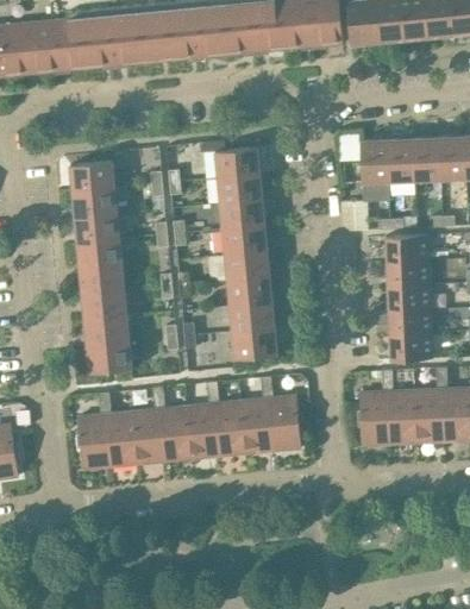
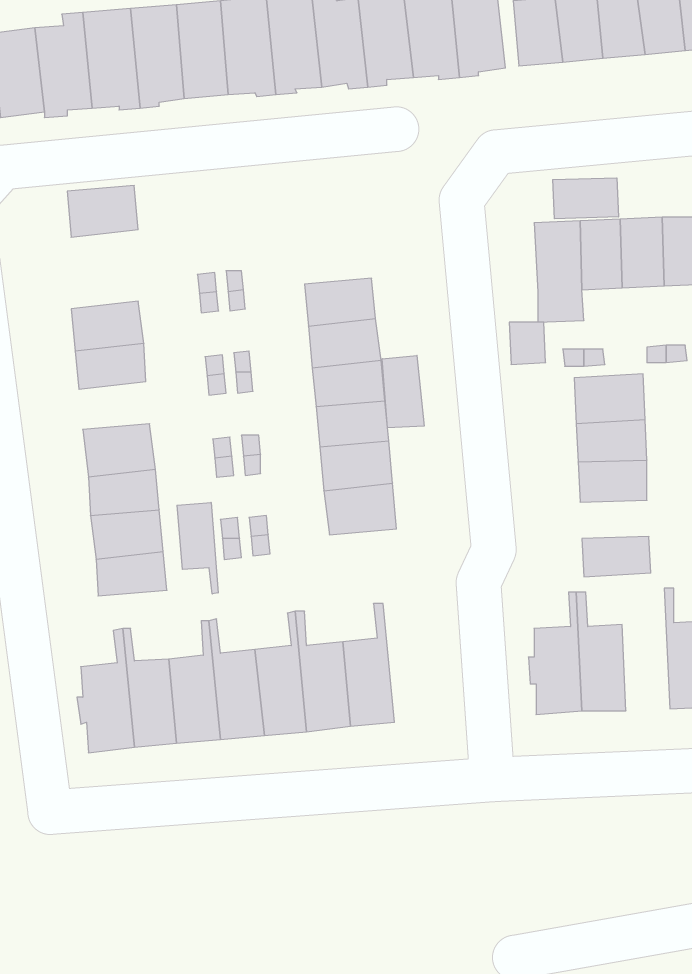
building: none -> [553,178,618,219]
building: [214,147,258,178] -> none
building: [69,162,113,194] -> [67,186,138,237]
building: none -> [382,355,424,428]
building: [76,239,120,269] -> none
building: [388,313,431,337] -> none
building: none -> [177,502,218,594]
building: [232,331,276,358] -> none
building: [414,368,444,444] -> none
building: [265,377,302,451] -> none

